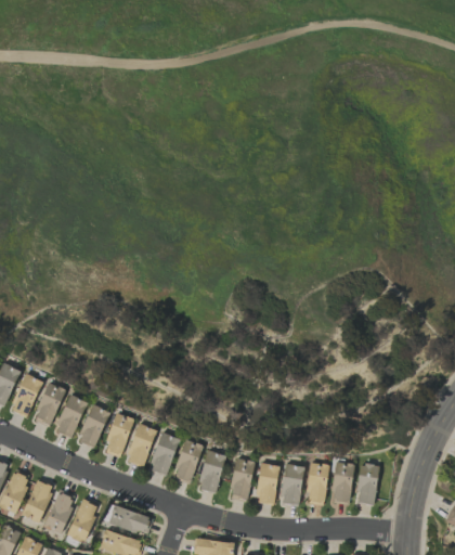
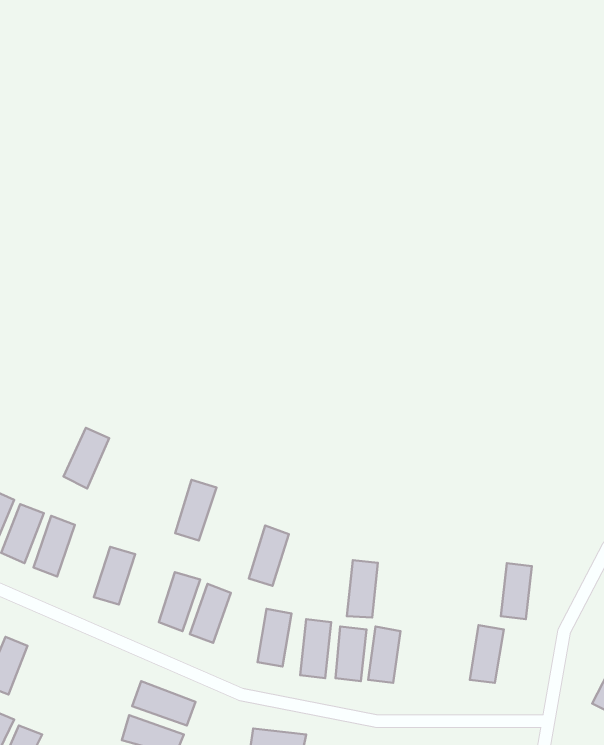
building: [53,395,87,439] -> [64,428,109,488]
building: [103,413,133,457] -> [175,480,216,540]
building: [172,439,202,483] -> [249,525,289,586]
building: [330,462,353,503] -> [501,563,532,619]
building: [306,463,328,505] -> [347,560,378,618]
building: [21,480,54,524] -> none
building: [43,492,75,534] -> none
building: [68,500,98,543] -> none

